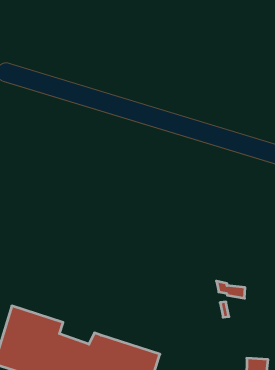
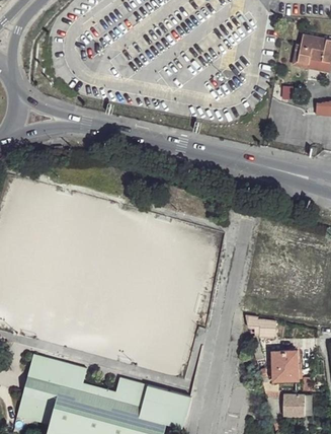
building: none -> [271,352,299,381]

